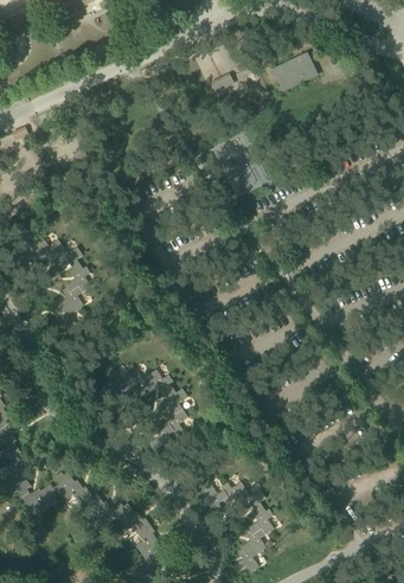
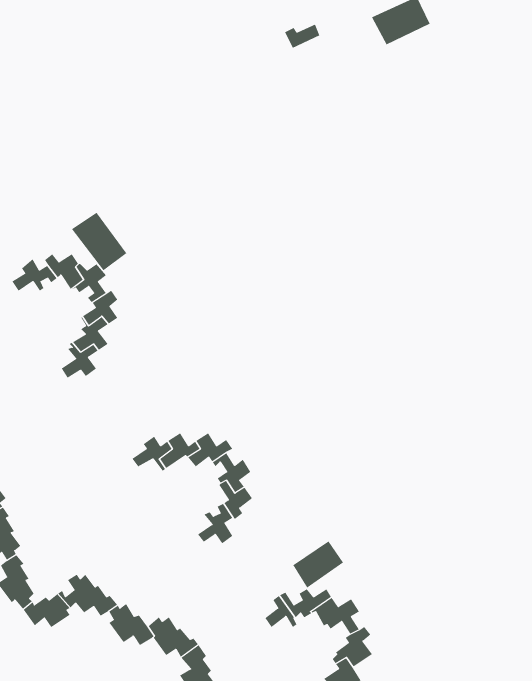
building: none -> [71,212,127,271]
building: none -> [292,540,344,589]

